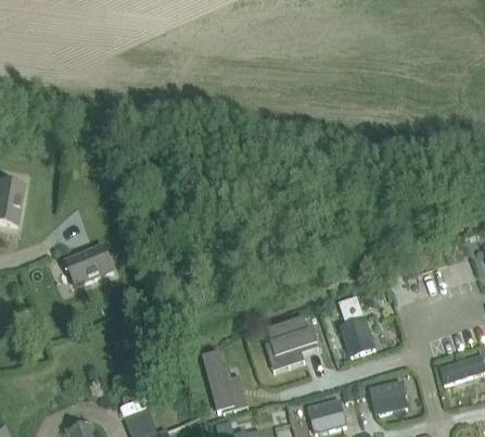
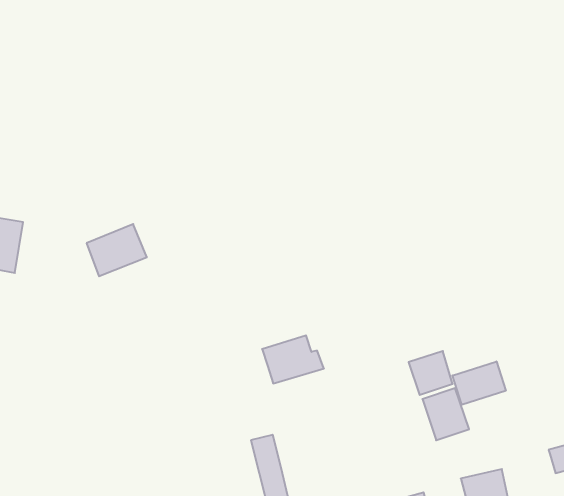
building: [66,244,114,285] -> [87,224,147,276]
building: none -> [452,361,506,405]
building: [268,315,317,353] -> [262,335,324,383]

